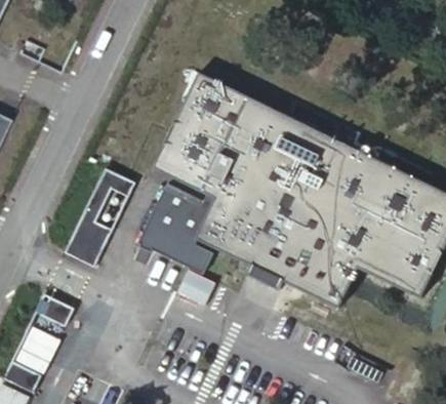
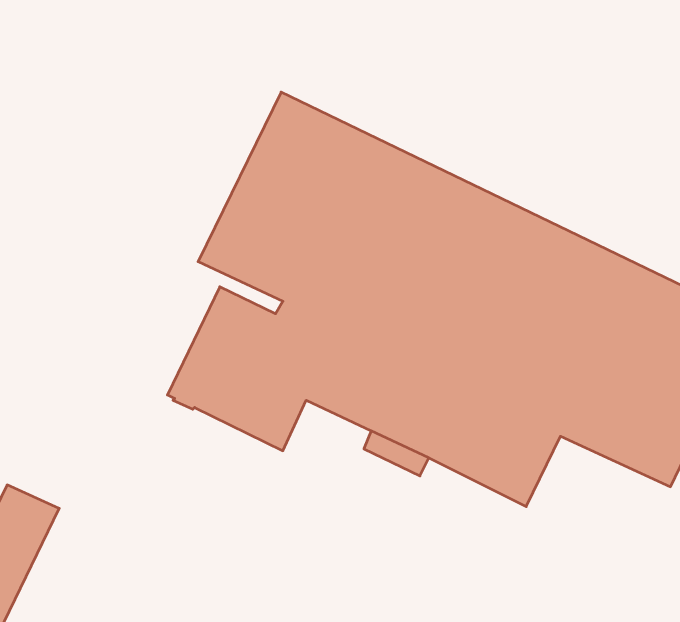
building: [66,167,135,265] -> none

